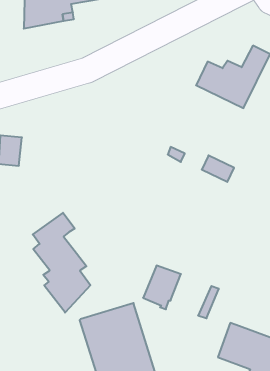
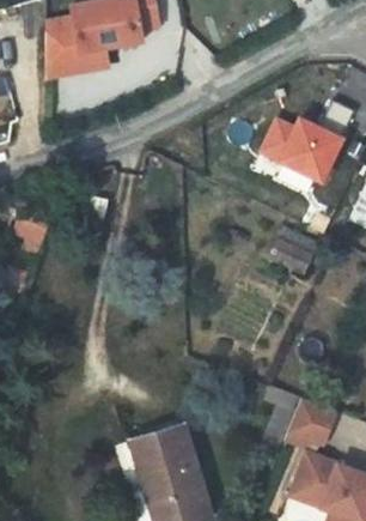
building: [33,213,90,313] -> none
building: [143,266,181,309] -> [285,399,333,454]

